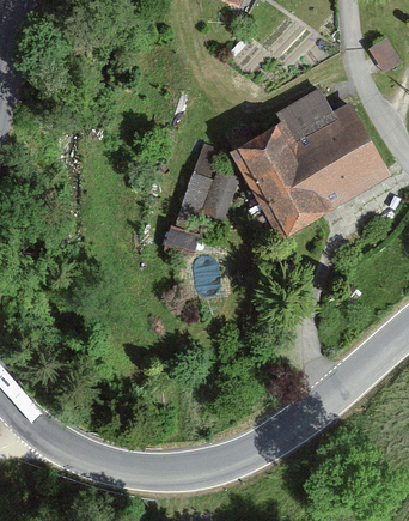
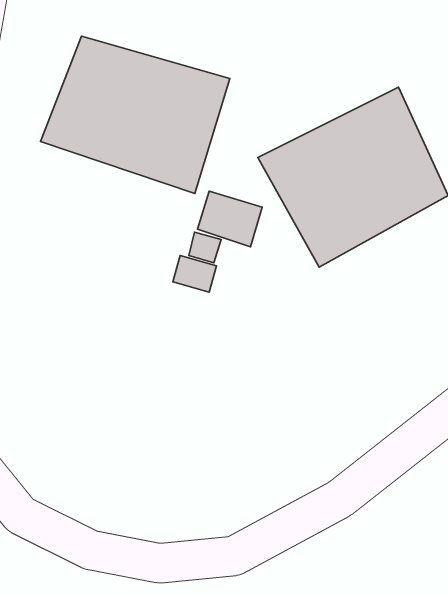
building: none -> [40,36,230,193]

